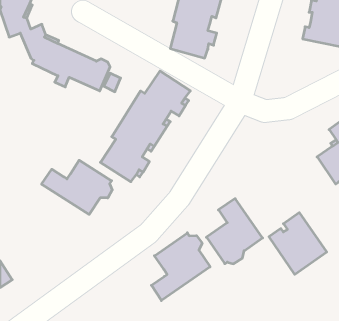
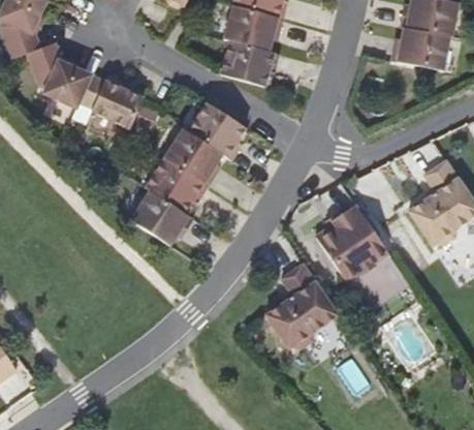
building: [42,160,112,214] -> none
building: [269,213,327,274] -> [315,205,389,284]
building: [151,233,210,301] -> none

